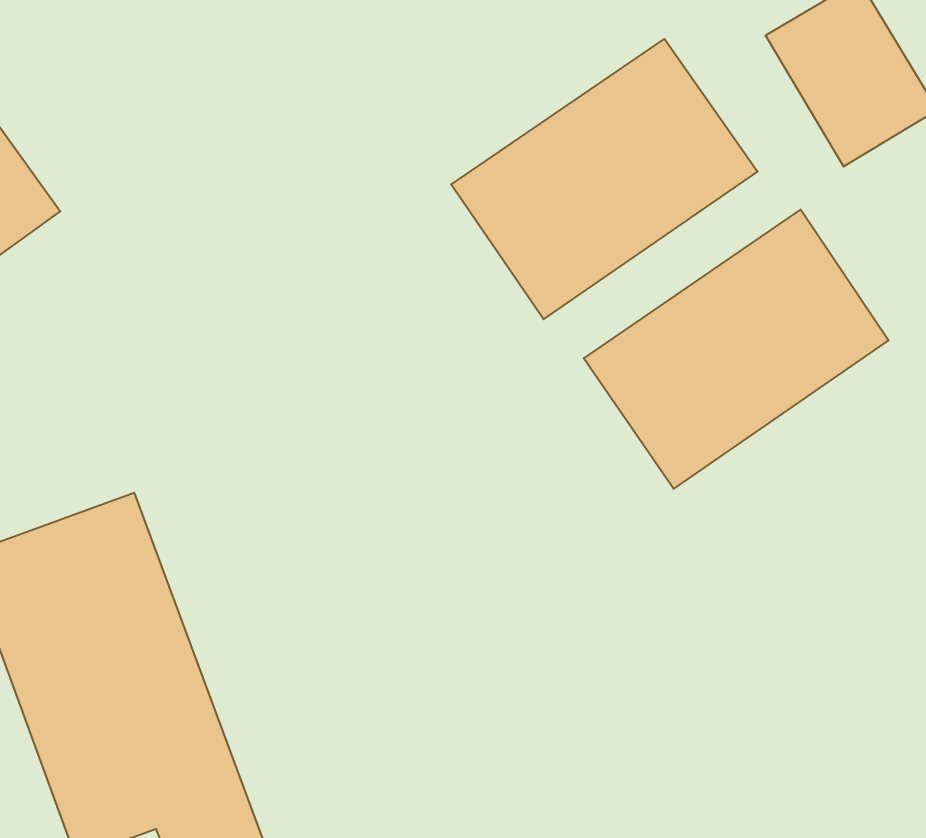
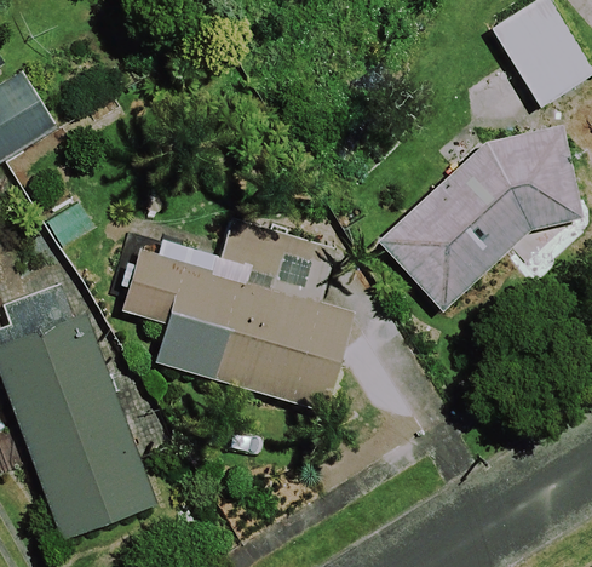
building: [451,39,758,319] -> none
building: none -> [130,259,349,412]

